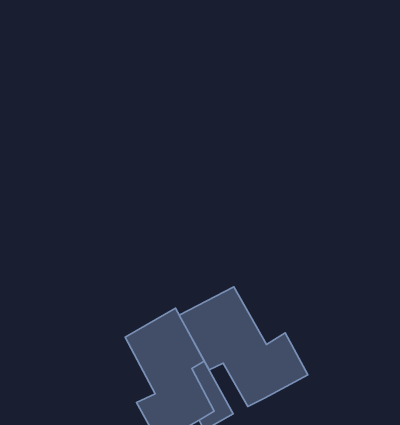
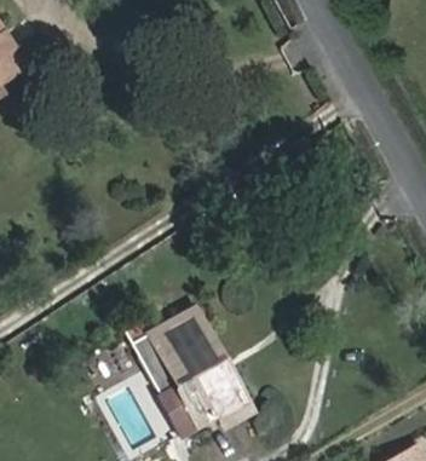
building: [179,287,308,407] -> none

